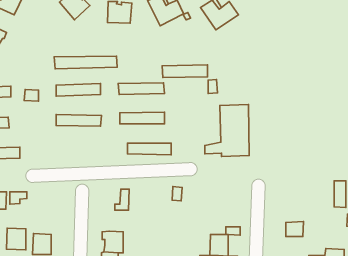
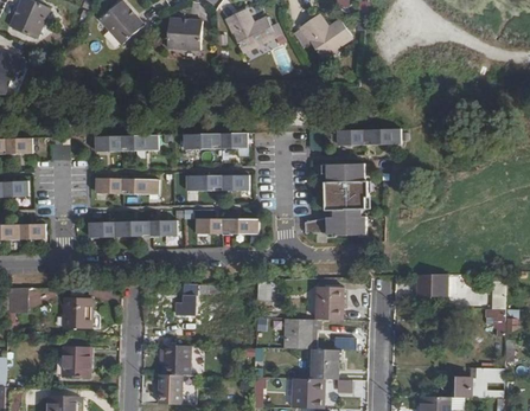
building: [54,56,117,69] -> [88,220,177,238]
building: [162,65,207,78] -> [337,128,401,146]
building: none -> [315,284,341,316]
building: none -> [286,315,311,347]
building: [286,222,304,237] -> [422,272,447,294]
building: [6,228,26,250] -> [62,296,89,327]

